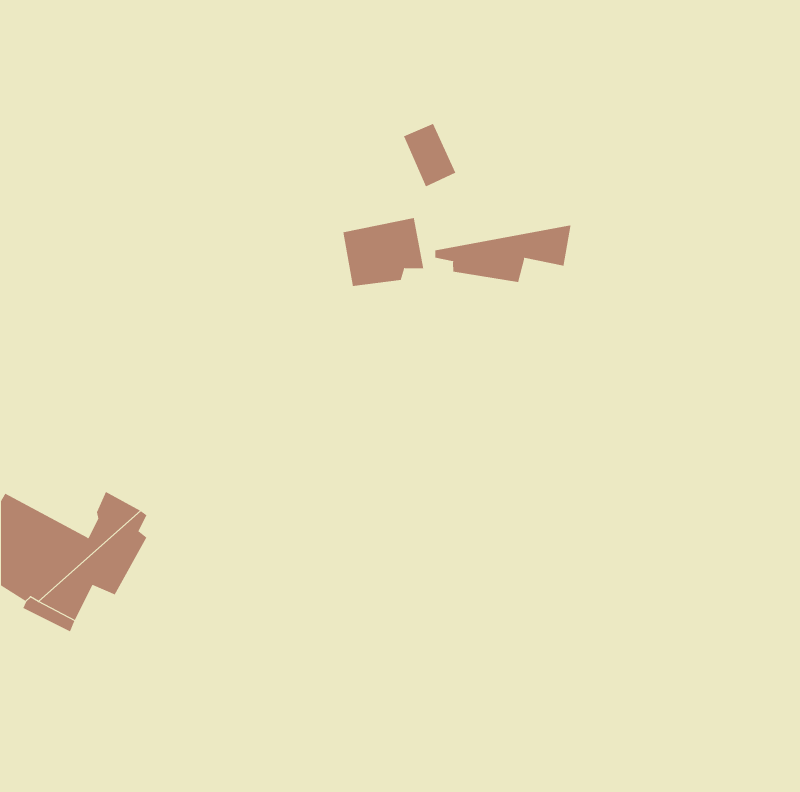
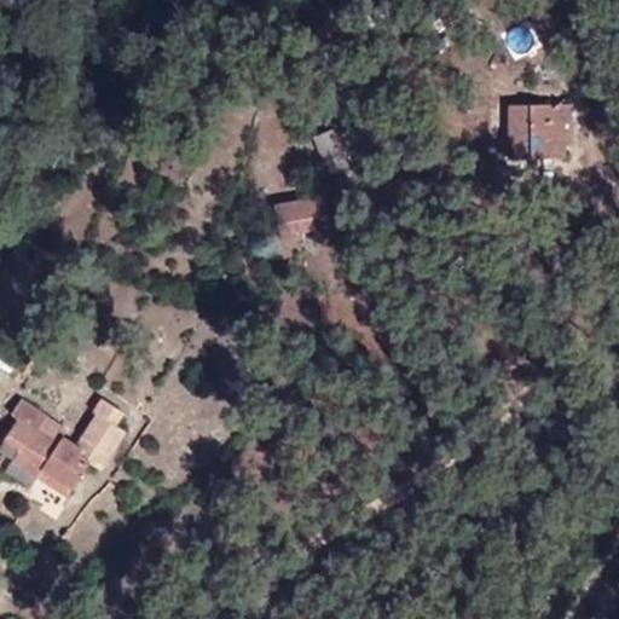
building: none -> [504,106,569,162]
building: [435,224,571,283] -> none

